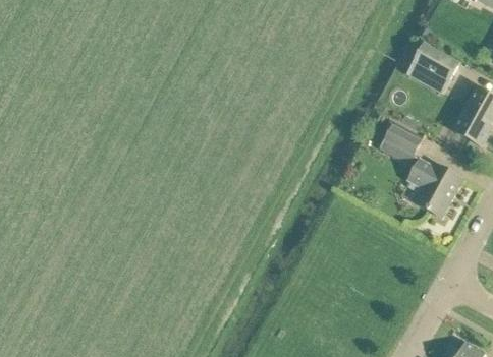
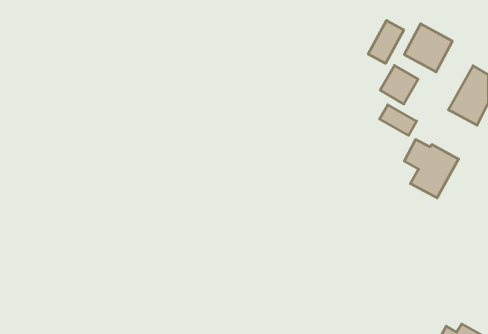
building: none -> [368,20,404,63]
building: none -> [380,65,418,104]

